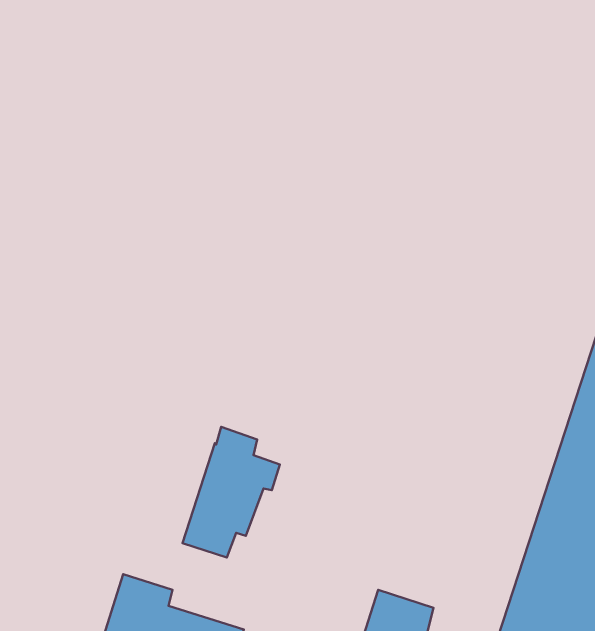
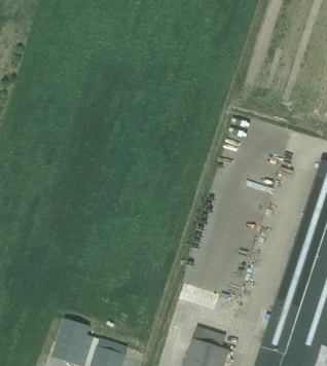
building: [182,427,280,558] -> none

